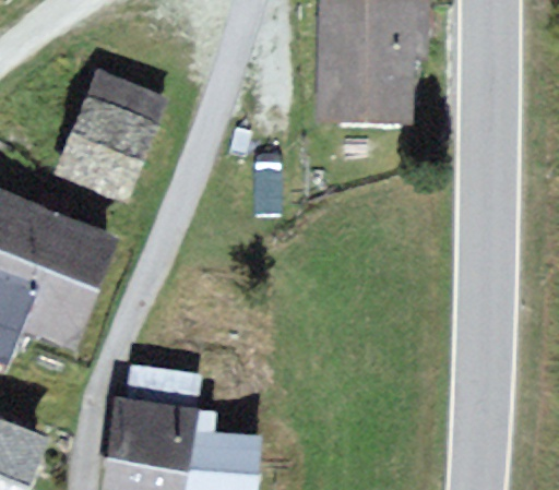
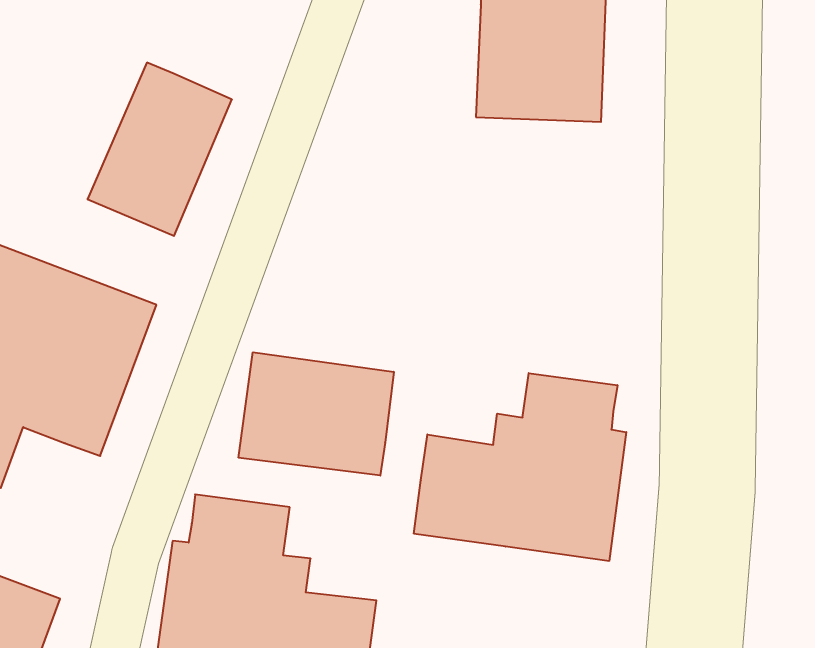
building: none -> [239,352,394,476]
building: none -> [414,373,626,561]

